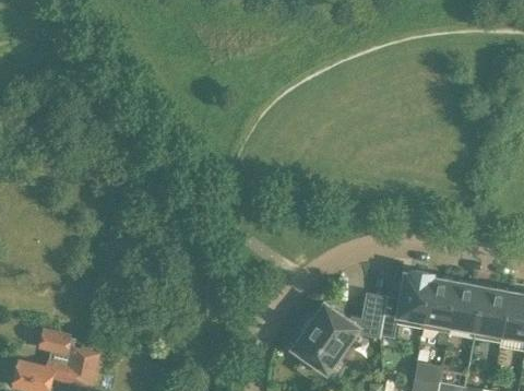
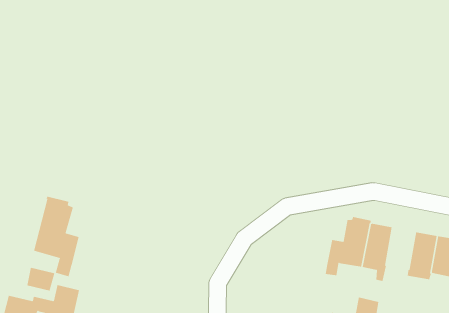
building: none -> [34,196,79,277]
building: [450,282,484,330] -> none
building: [294,292,388,371] -> none

